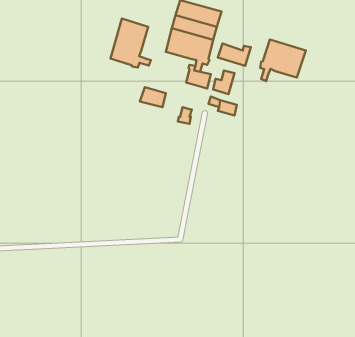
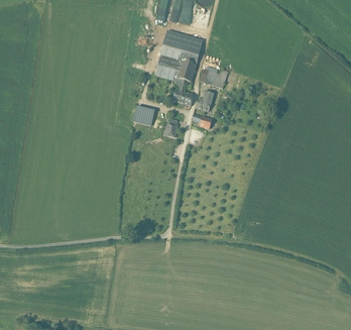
building: [110,19,151,67] -> none
building: [260,40,306,81] -> none

